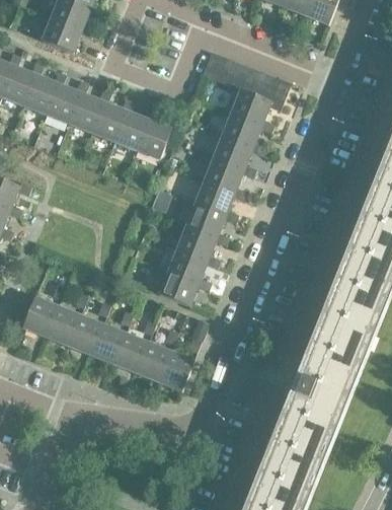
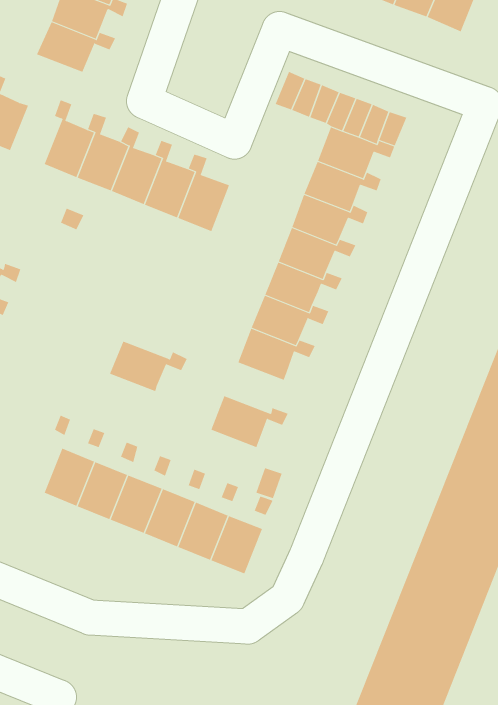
building: [22,61,57,114] -> none
building: [166,247,219,282] -> [109,341,187,392]
building: [21,296,57,336] -> none

